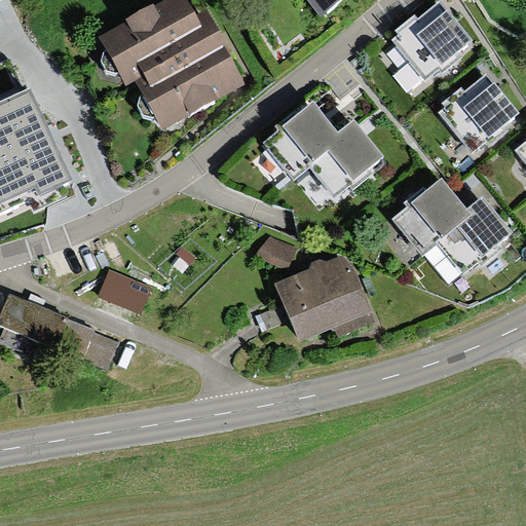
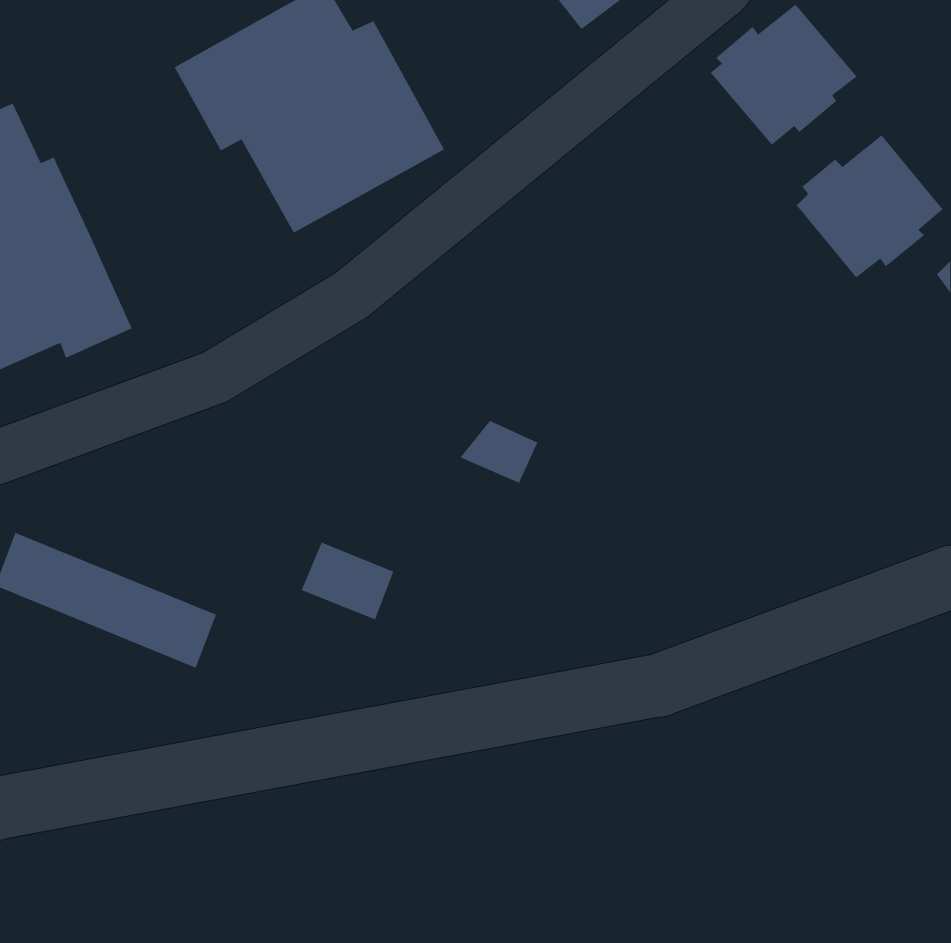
building: [262,102,383,197] -> none
building: [392,182,510,273] -> none
building: [274,254,375,341] -> none
building: [97,268,148,311] -> [301,542,394,620]

